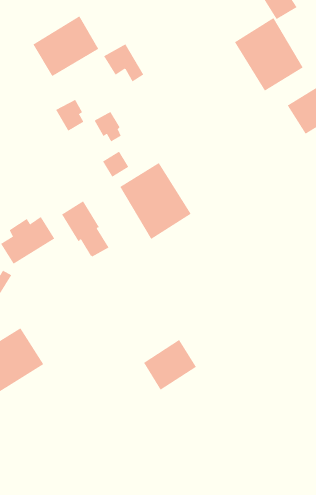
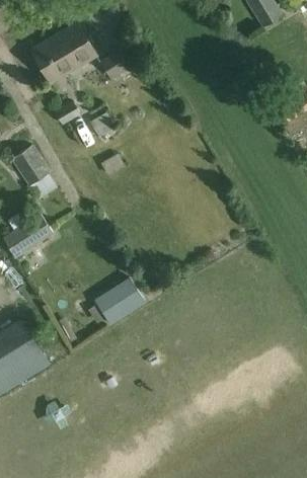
building: [234,17,304,91] -> none
building: [119,162,191,240] -> none
building: [61,200,109,257] -> [13,147,59,201]
building: [143,339,197,391] -> [95,277,146,326]

